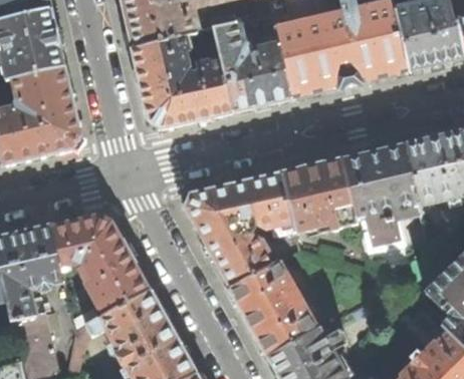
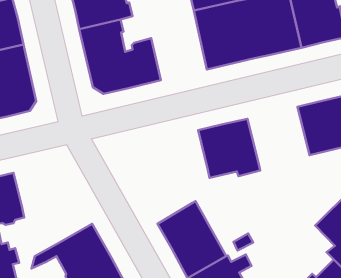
building: [215,23,292,110] -> none
building: [342,143,422,246] -> none
building: [186,172,293,289] -> none
building: [52,215,150,314] -> none

